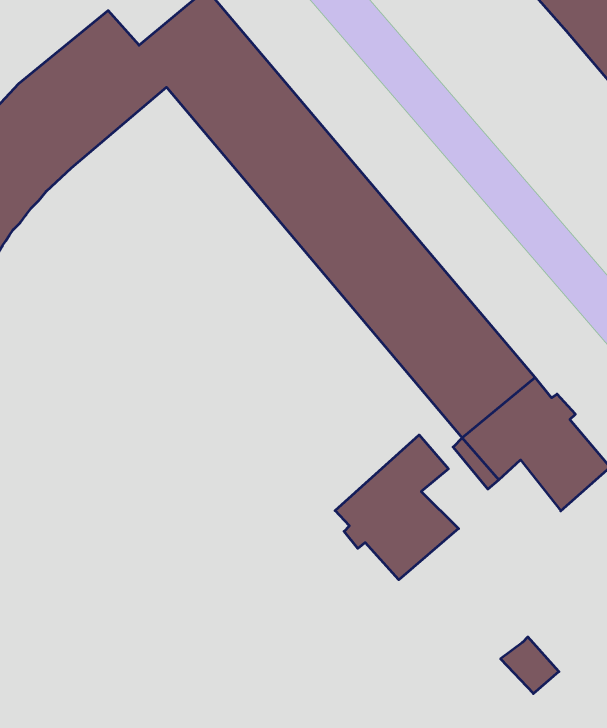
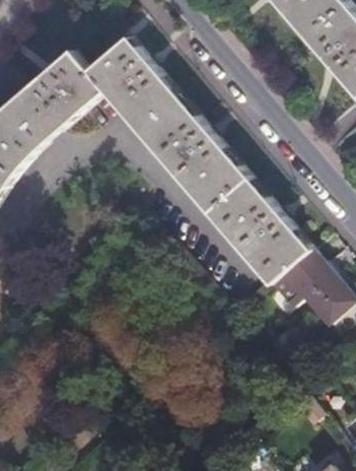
building: [335,435,459,580] -> none

